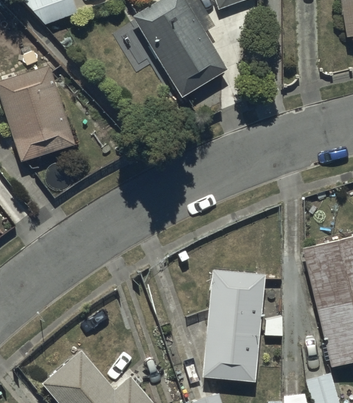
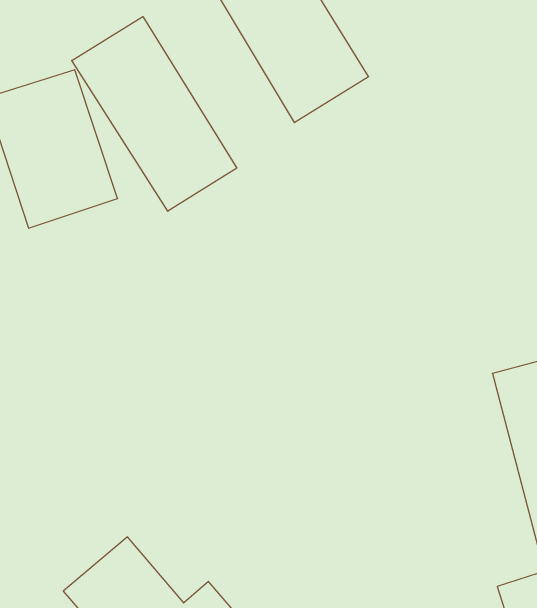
building: none -> [72,17,237,211]
building: [203,271,264,382] -> none

